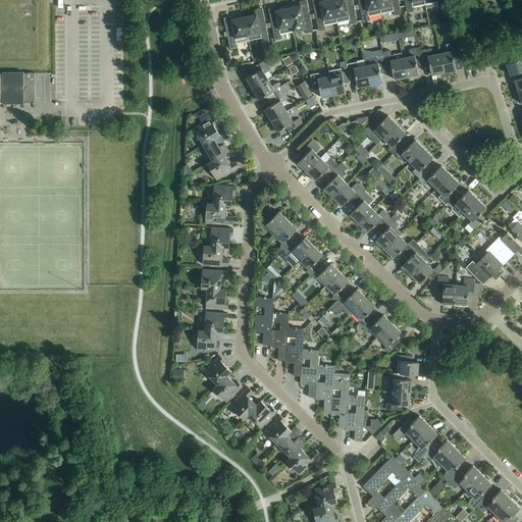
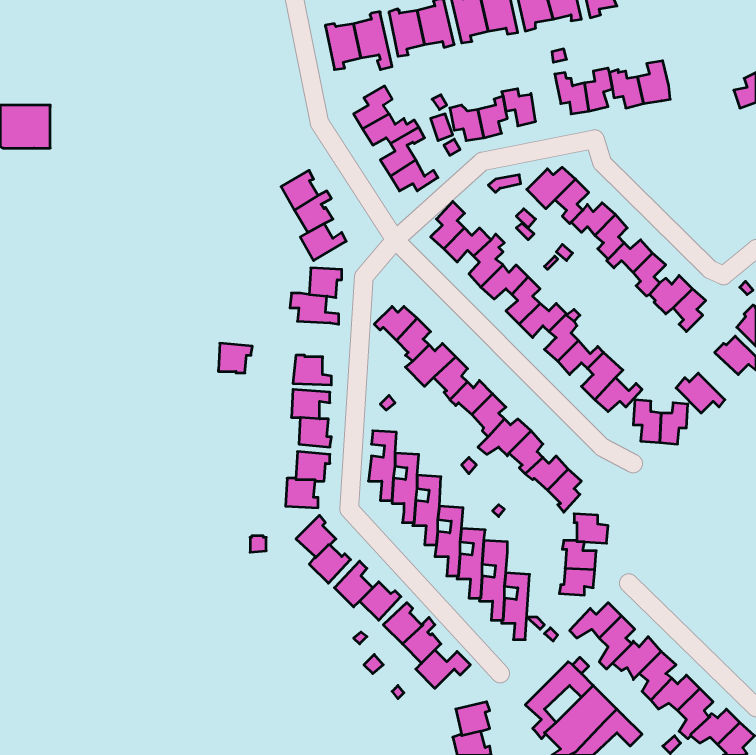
building: [364,56,386,84] -> none
building: [210,226,233,247] -> [218,343,252,373]
building: [481,243,509,275] -> none

